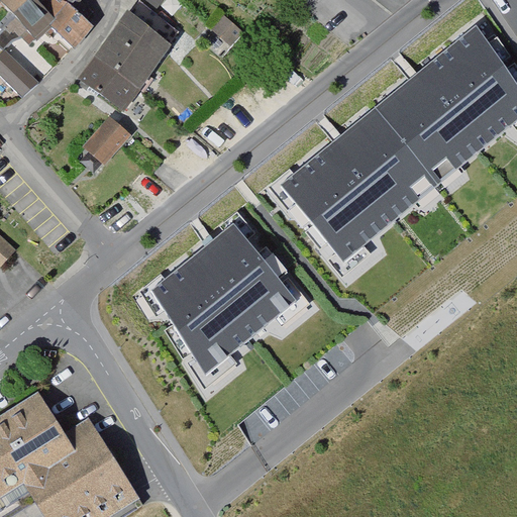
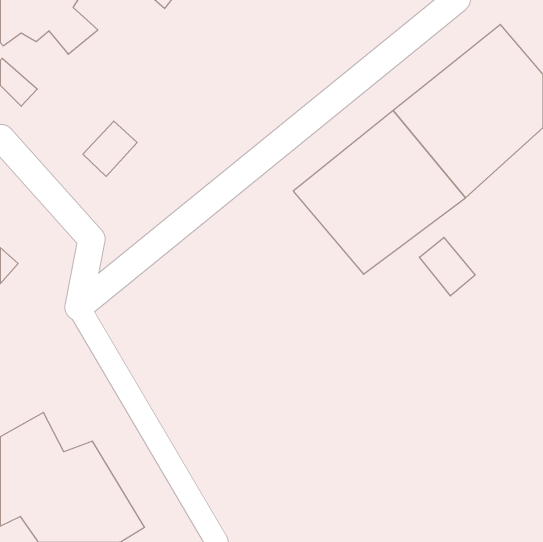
building: [73,10,173,114] -> none
building: [138,214,319,402] -> none
building: none -> [419,237,475,296]

